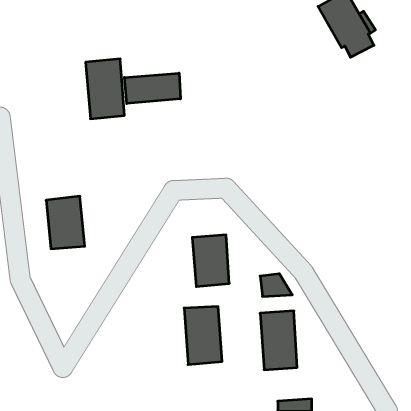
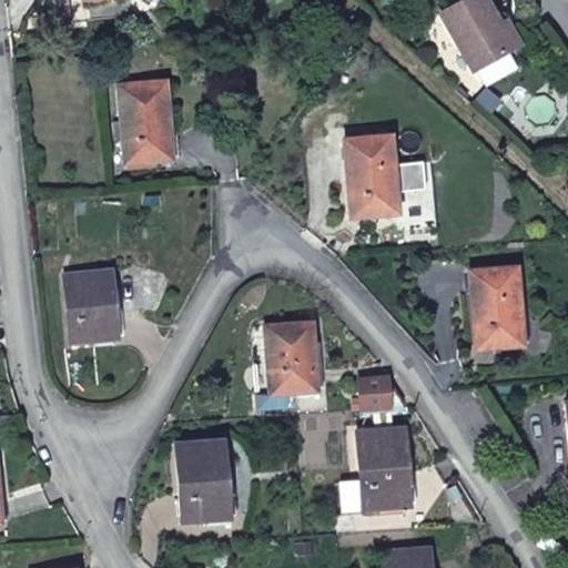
building: [124,73,180,104] -> none
building: none -> [346,136,399,216]
building: none -> [471,268,523,347]
building: [184,307,222,365] -> [178,442,230,521]

